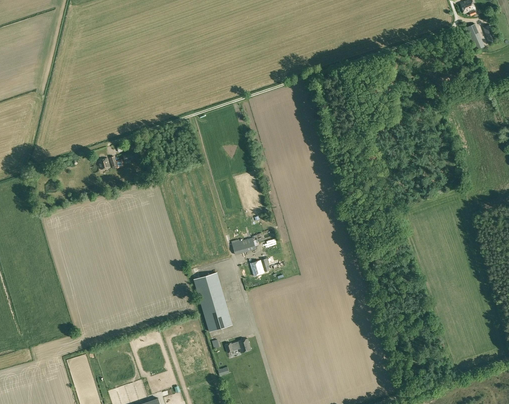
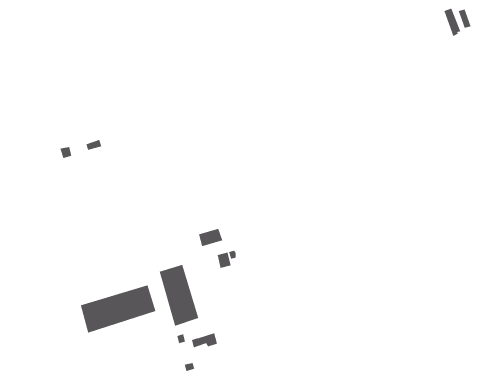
building: none -> [80,284,156,333]

